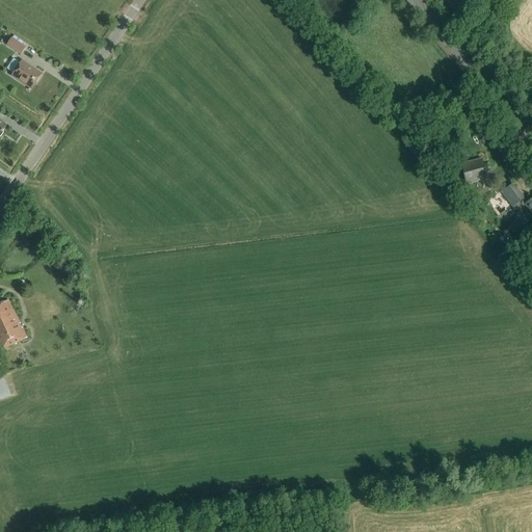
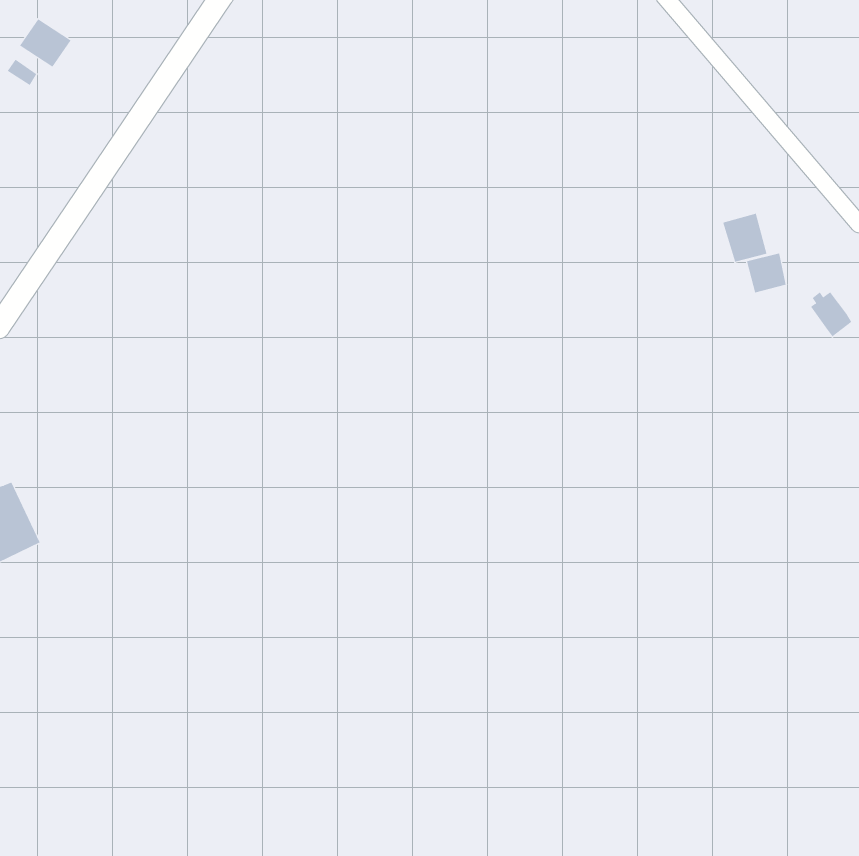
building: [9,57,42,87] -> [19,19,71,67]
building: none -> [723,213,767,263]

